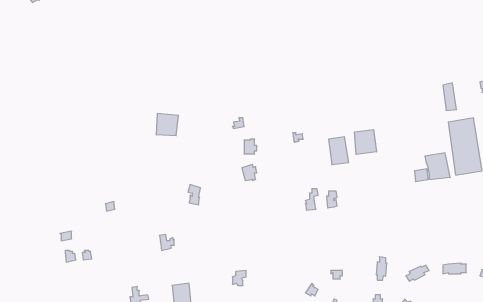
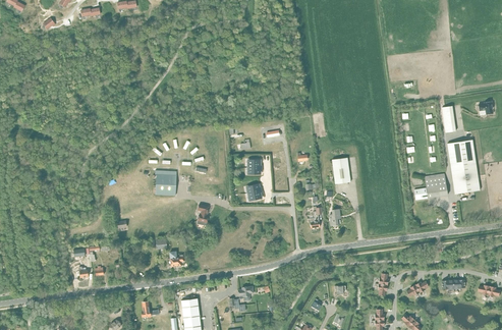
building: [156,113,178,136] -> [154,174,175,196]
building: [355,130,376,154] -> none

